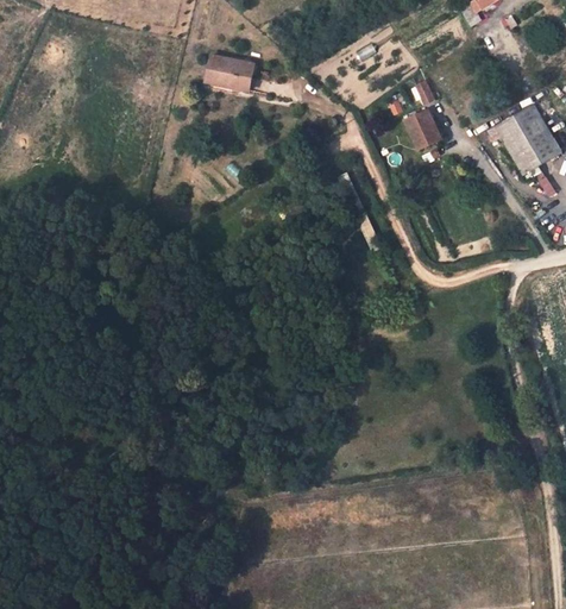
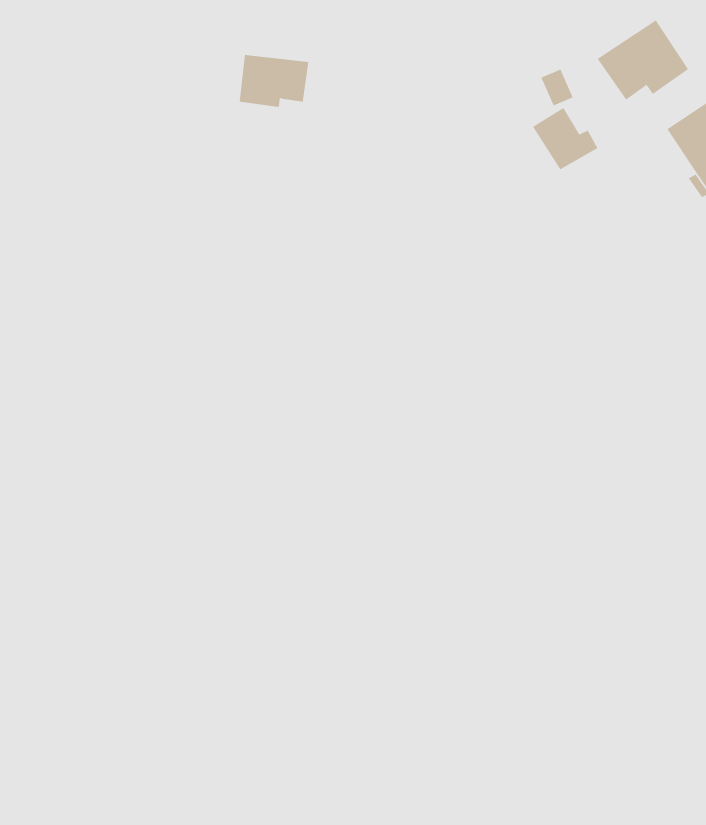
building: none -> [597,19,689,101]

